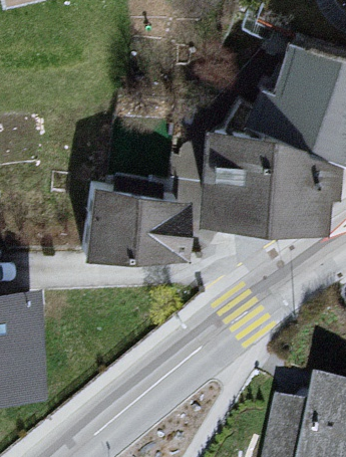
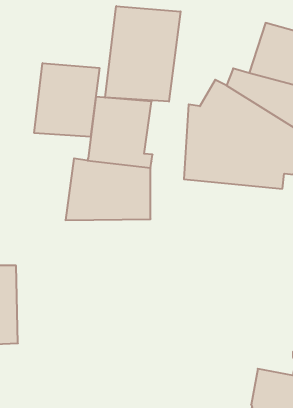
building: none -> [105,6,181,102]
building: none -> [34,63,99,137]

